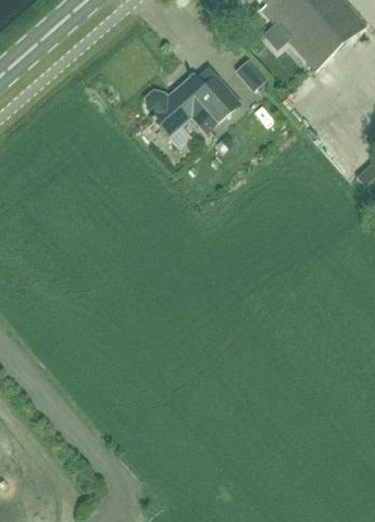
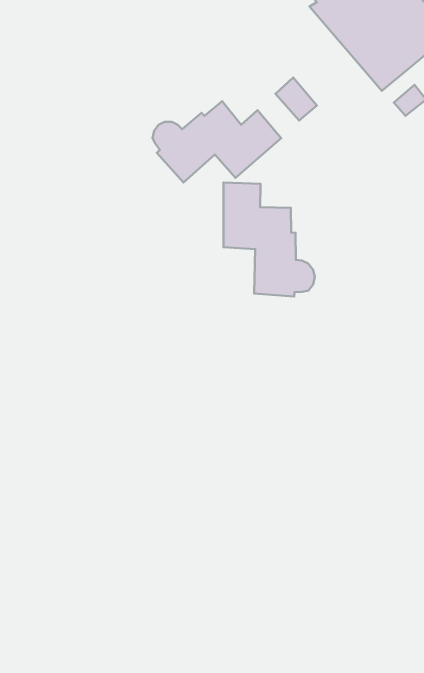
building: none -> [223,182,315,296]

